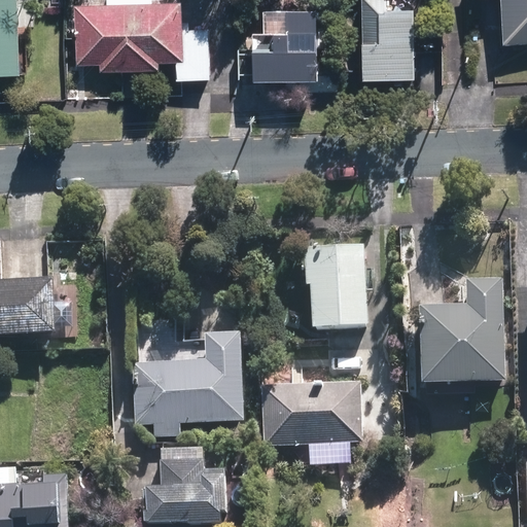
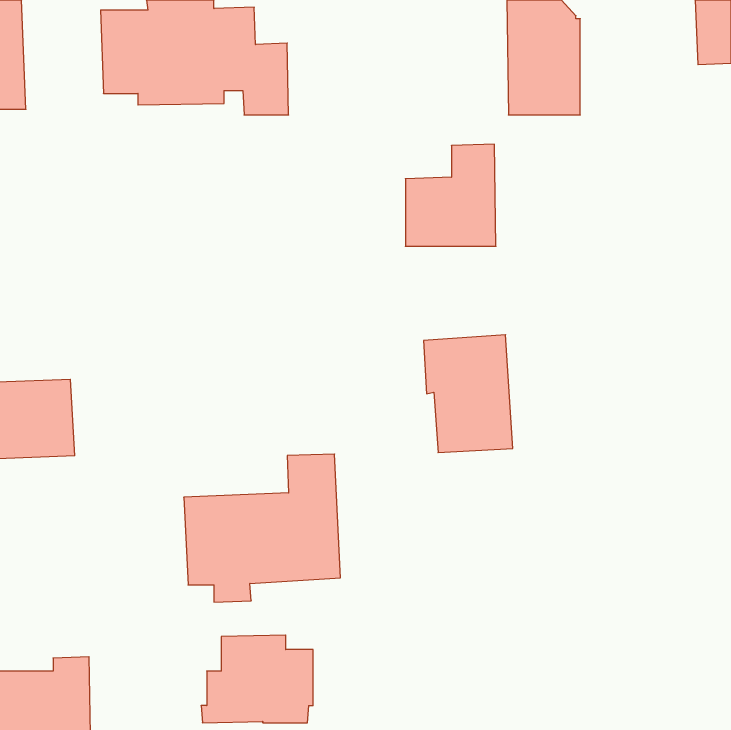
building: [256,15,321,89] -> [405,144,496,246]
building: [421,274,505,379] -> none
building: [261,379,363,442] -> none

